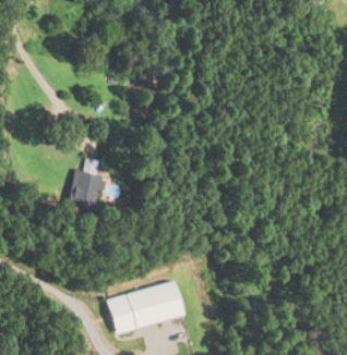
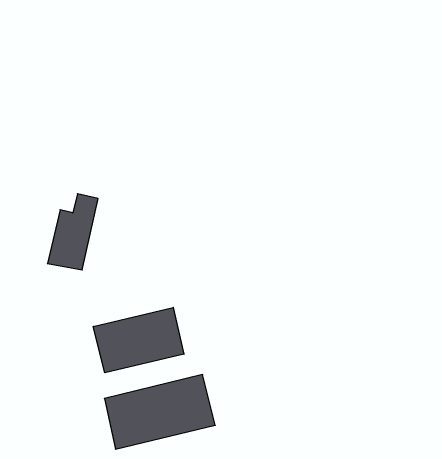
building: none -> [93,307,184,373]

